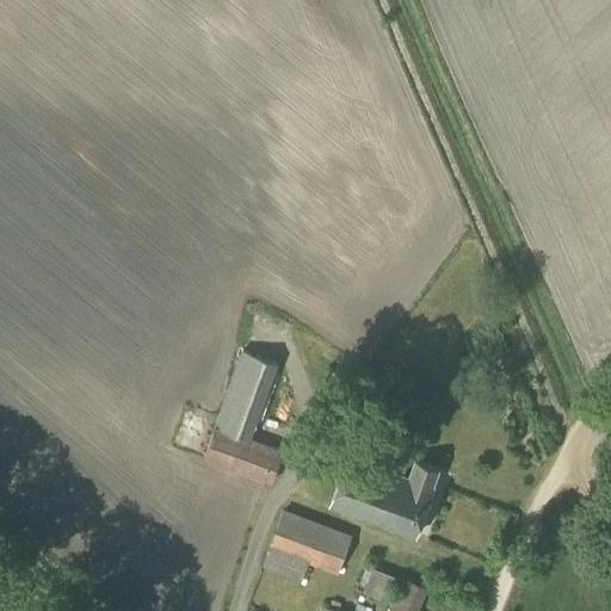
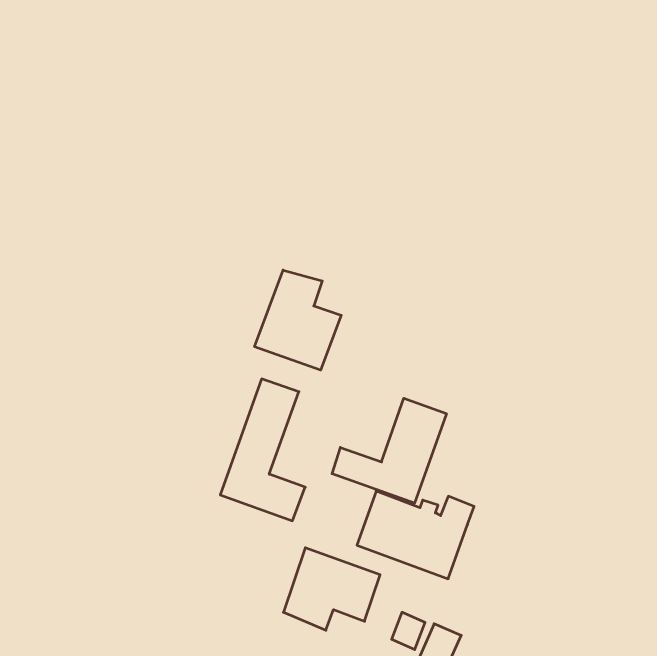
building: none -> [255,270,341,370]
building: none -> [332,398,446,503]

